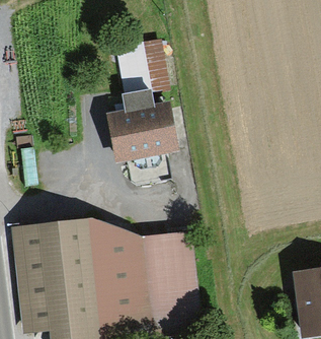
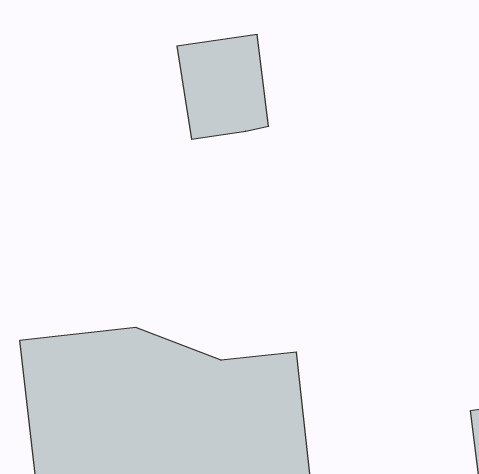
building: [108,99,179,184] -> none

